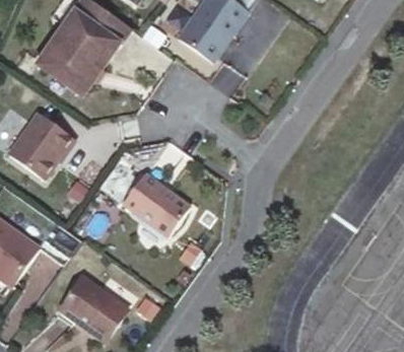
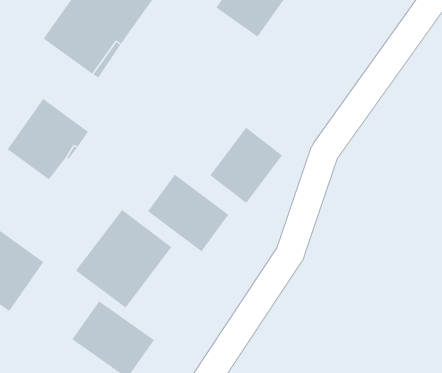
building: none -> [210,127,283,204]
building: none -> [75,209,172,308]

